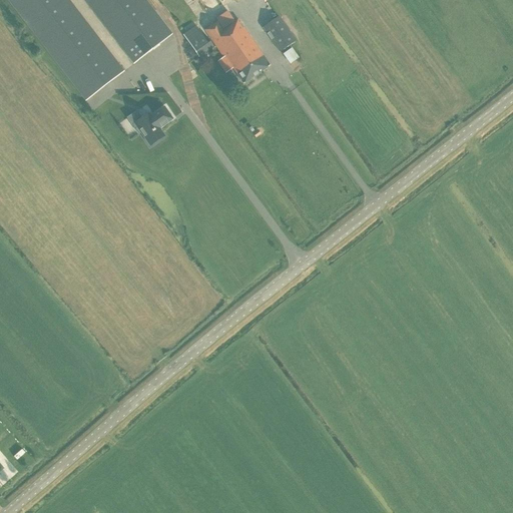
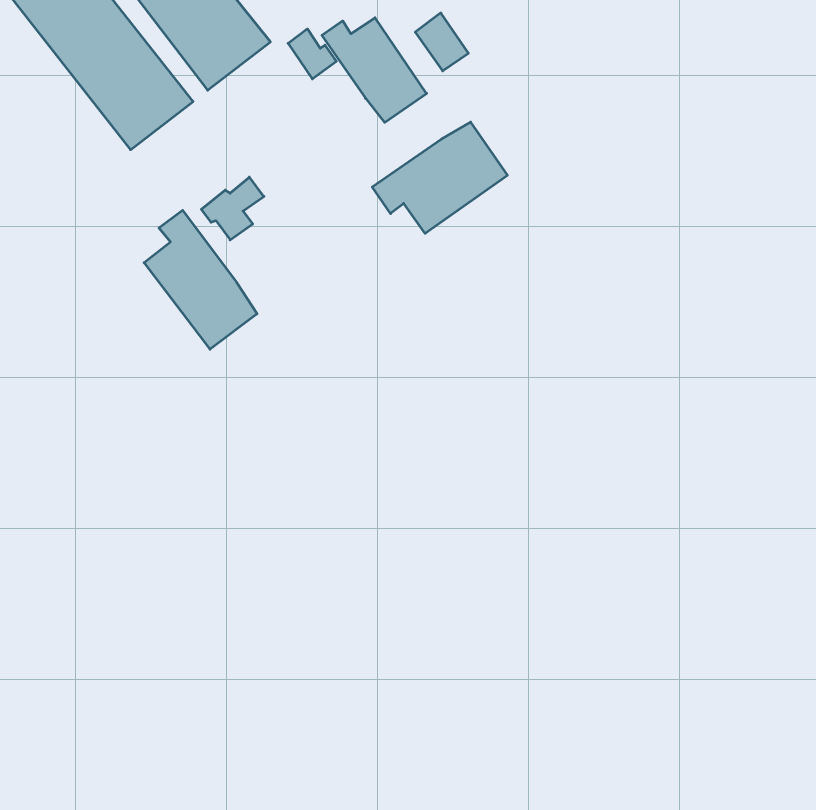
building: none -> [372,122,507,233]
building: none -> [144,210,257,349]

